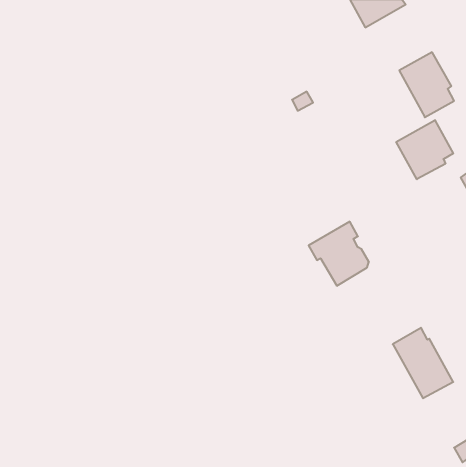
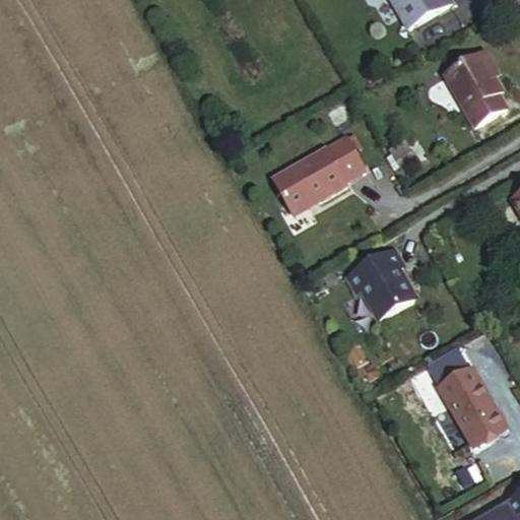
building: [396,120,453,179] -> none
building: none -> [272,137,365,211]

